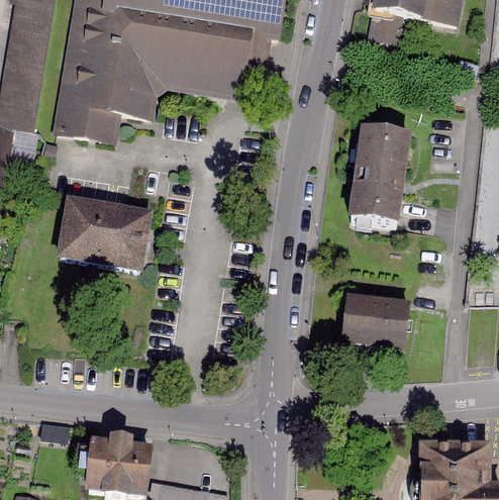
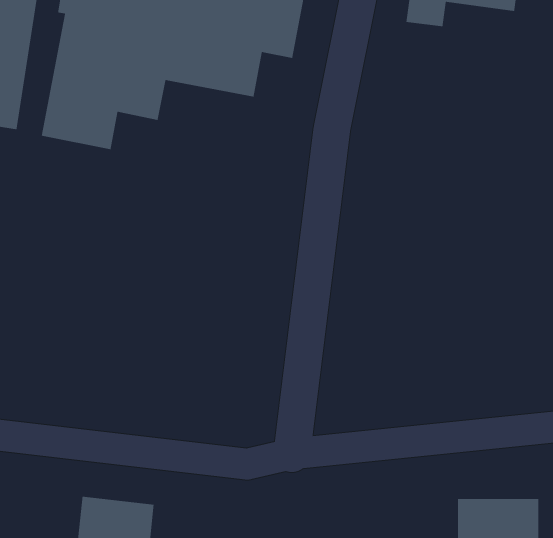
building: [343,124,410,221] -> none
building: [54,197,148,266] -> none
building: [338,292,414,351] -> none

